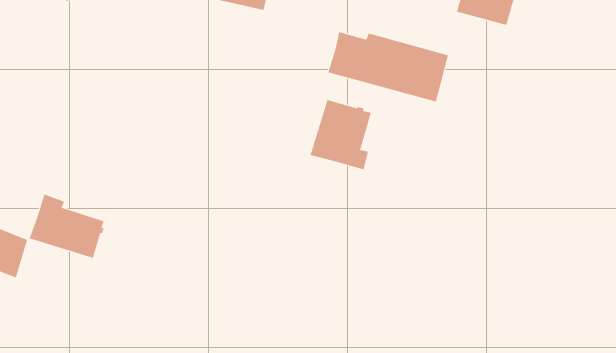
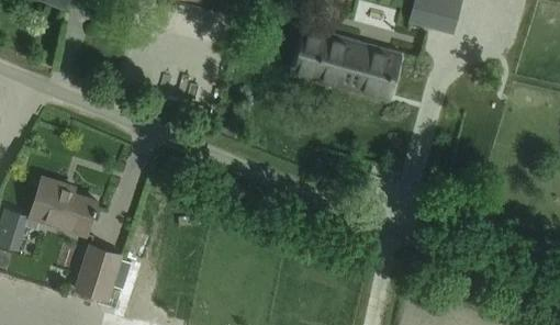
building: [310,99,371,170] -> none
building: none -> [74,246,119,301]

